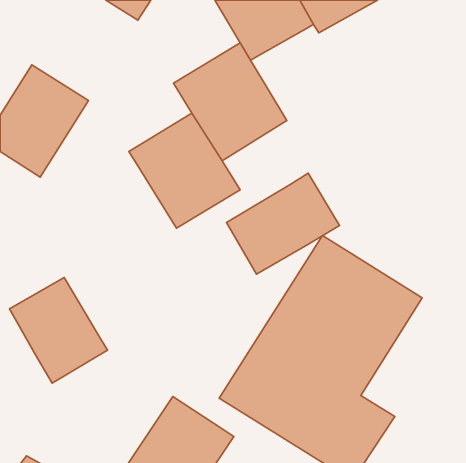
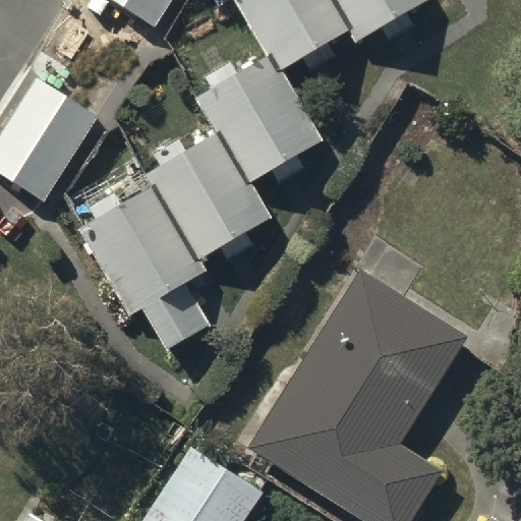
building: none -> [77,184,210,350]
building: [227,173,340,274] -> none
building: [10,278,108,383] -> none

